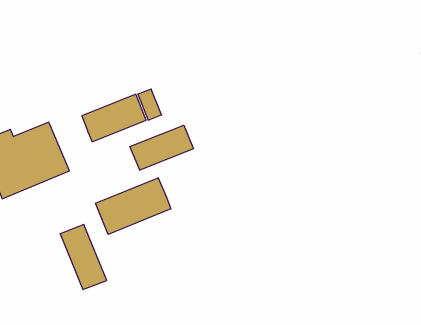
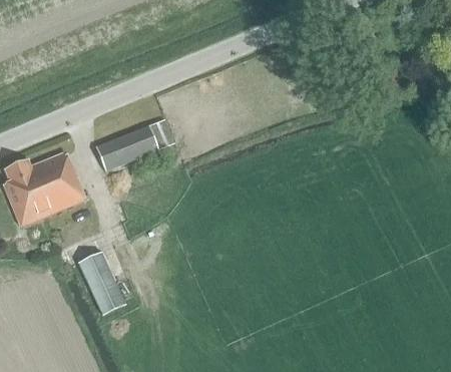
building: [130,125,194,170] -> none
building: [95,178,171,234] -> none

